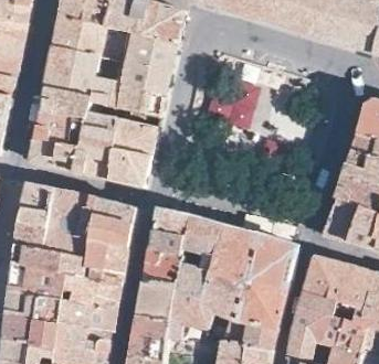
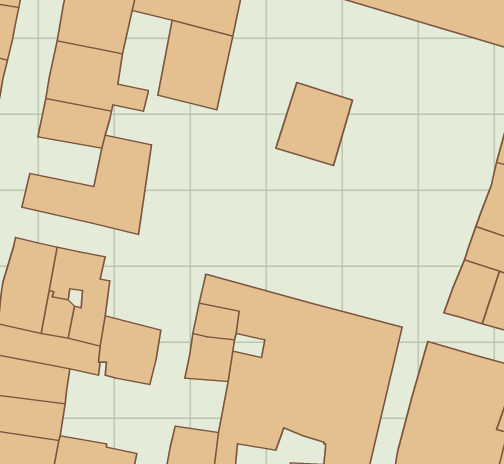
building: [92,81,166,115] -> none
building: [36,111,86,146] -> none
building: [112,117,158,186] -> none
building: [85,194,135,245] -> none
building: [57,271,119,330] -> none
building: [137,278,173,315] -> none

